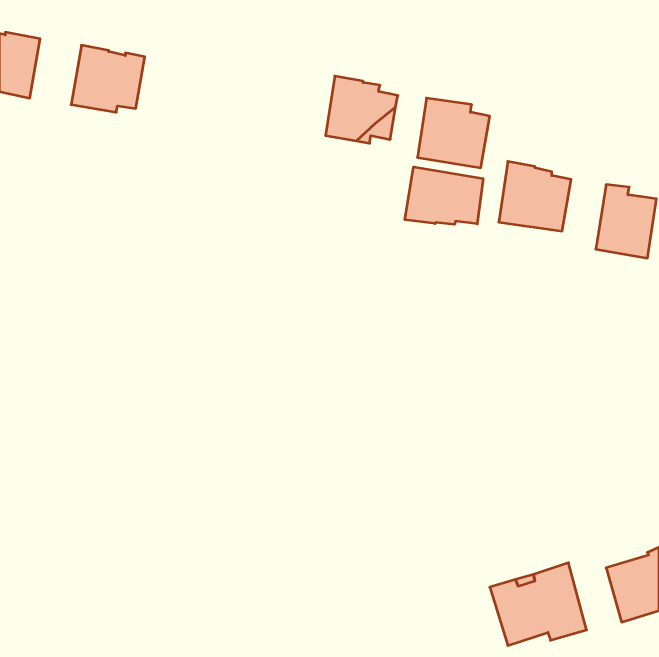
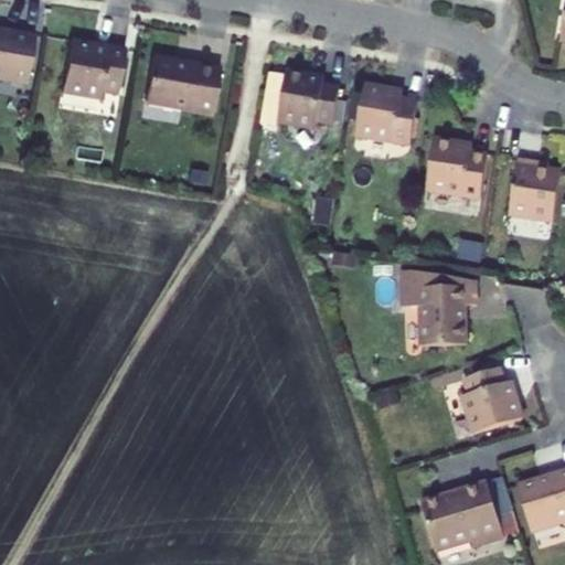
building: none -> [143,55,218,115]
building: [405,167,483,224] -> none
building: none -> [399,276,476,349]
building: none -> [461,367,522,433]

